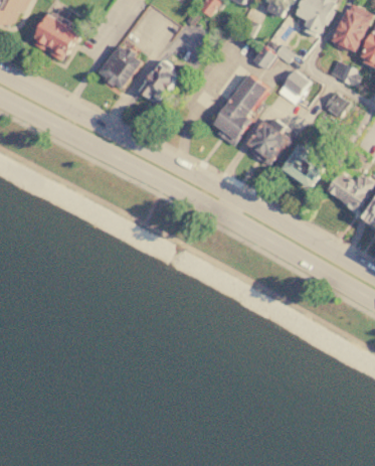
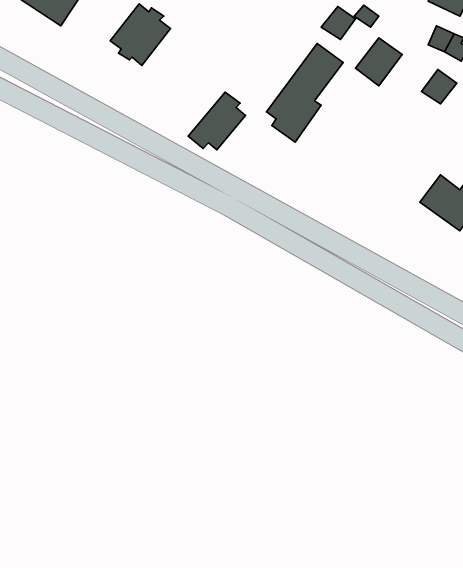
building: [134,59,176,102] -> [188,92,246,150]
building: [240,113,293,168] -> none
building: [278,145,324,189] -> none

